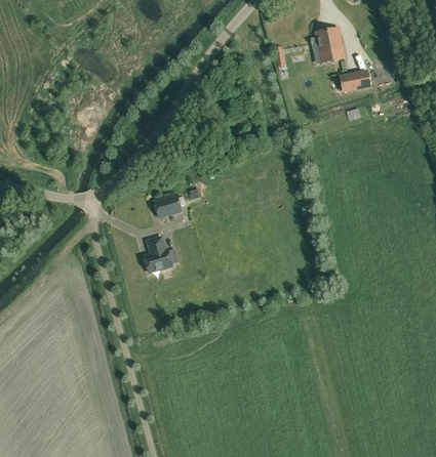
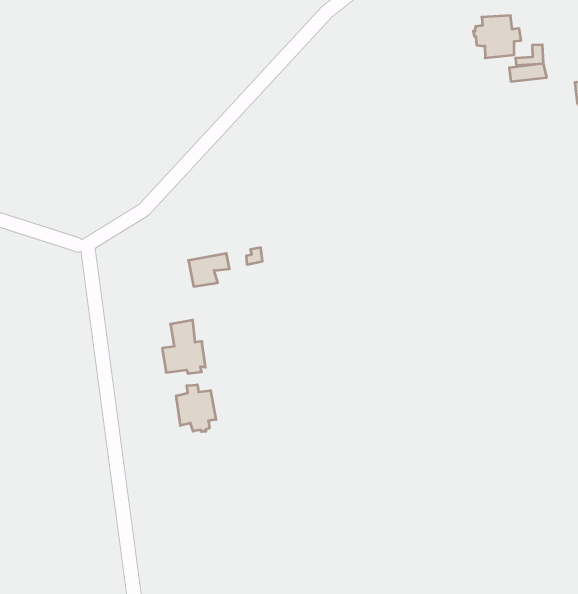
building: [341,71,370,90] -> none
building: none -> [176,385,216,432]

